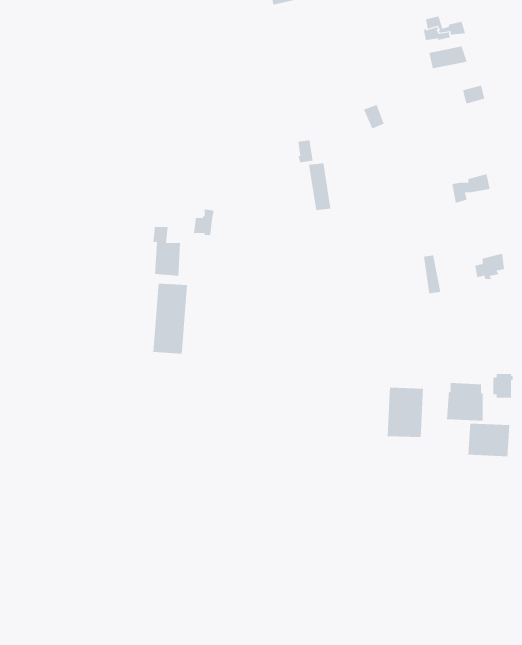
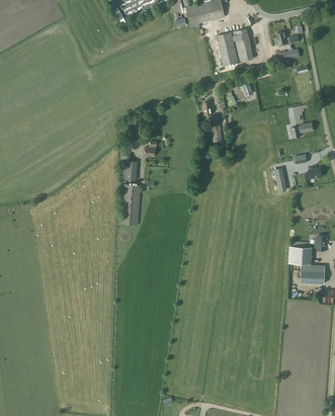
building: none -> [216,28,254,66]
building: [387,387,423,438] -> none

